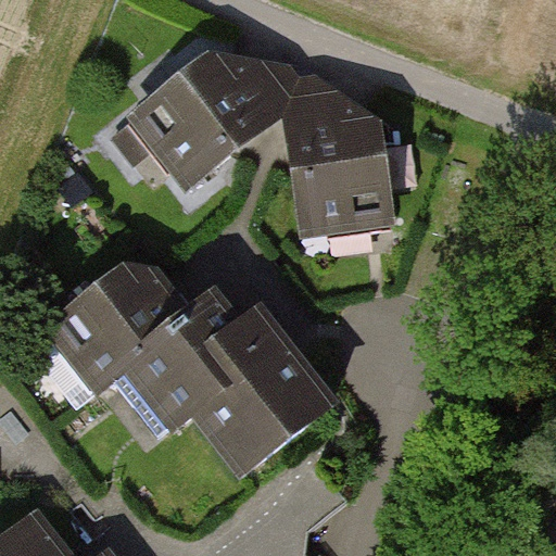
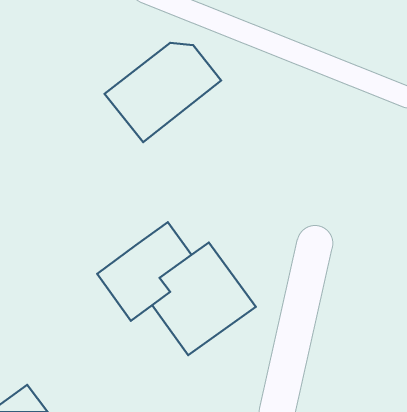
building: [292,101,387,231] -> none
building: [49,266,179,388] -> none

